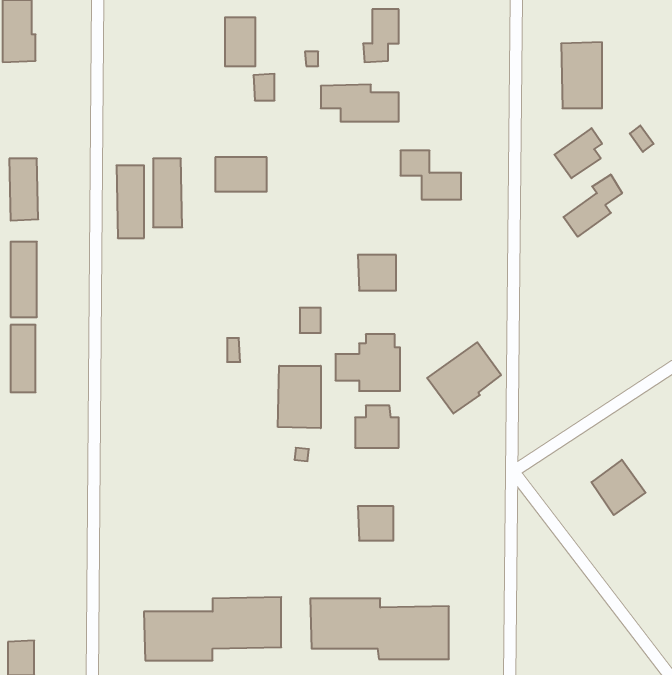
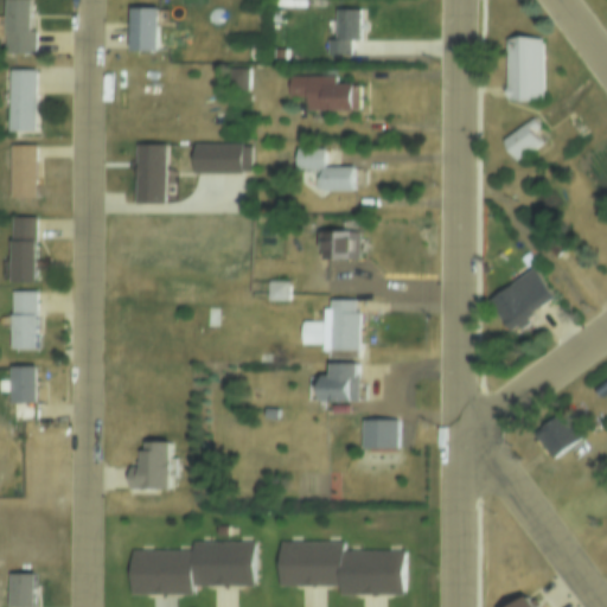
building: [225,17,255,66] -> [132,11,159,55]
building: [400,151,461,199] -> [299,147,353,191]
building: [116,165,144,238] -> [9,70,34,135]
building: [563,174,622,237] -> none
building: [427,342,501,414] -> [488,268,555,332]
building: [278,366,321,428] -> none
building: none -> [11,368,33,408]
building: none -> [132,443,170,497]
building: [358,506,393,541] -> [366,416,398,447]

